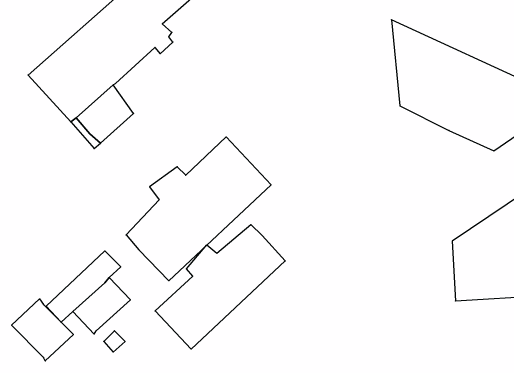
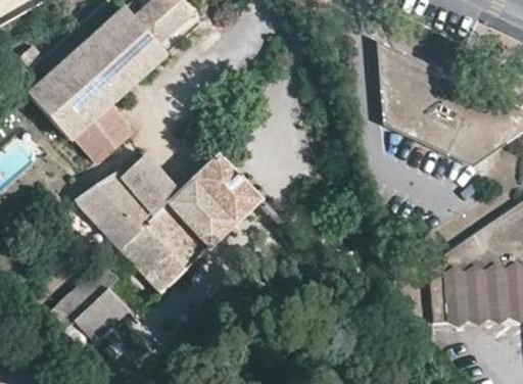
building: none -> [78,157,173,248]
building: [155,225,285,349] -> none
building: [12,299,73,361] -> none

